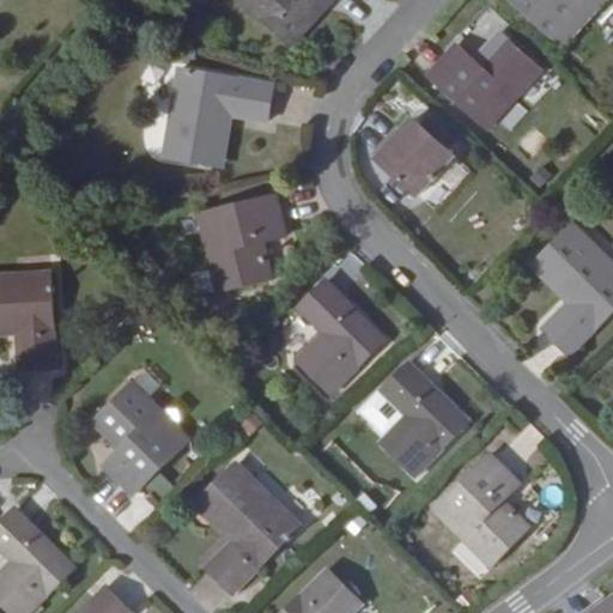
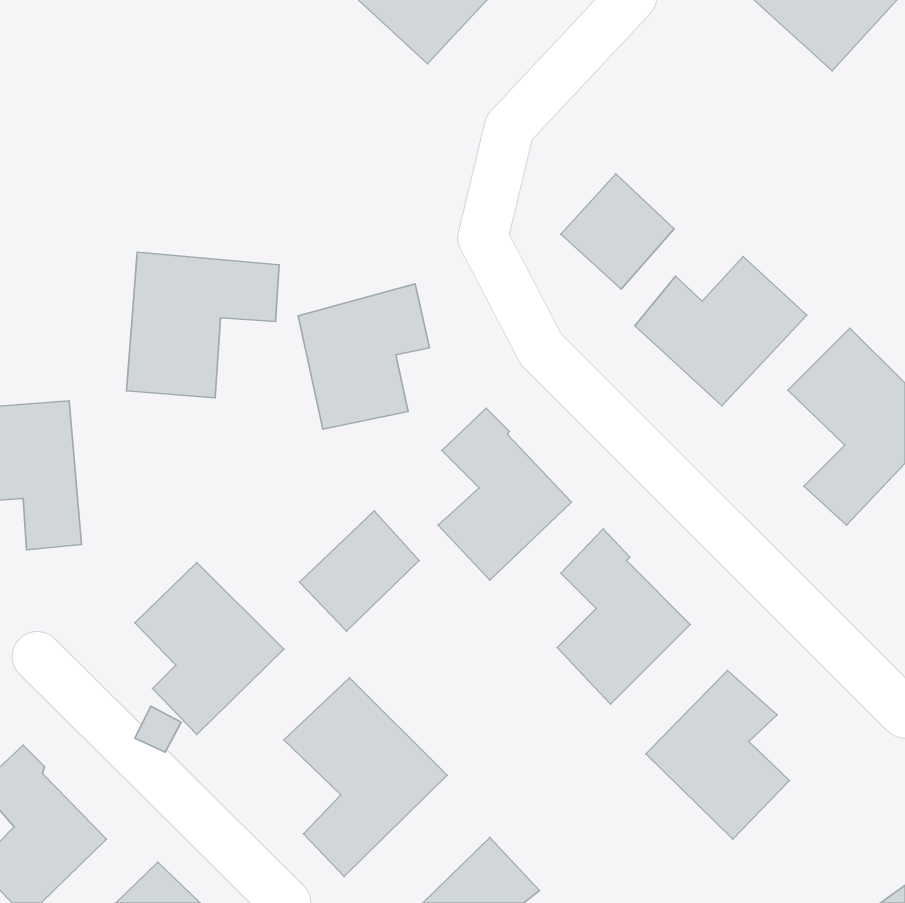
building: [425,34,541,134] -> [635,257,807,406]
building: [157,71,260,169] -> [127,252,279,398]
building: none -> [299,511,419,631]

